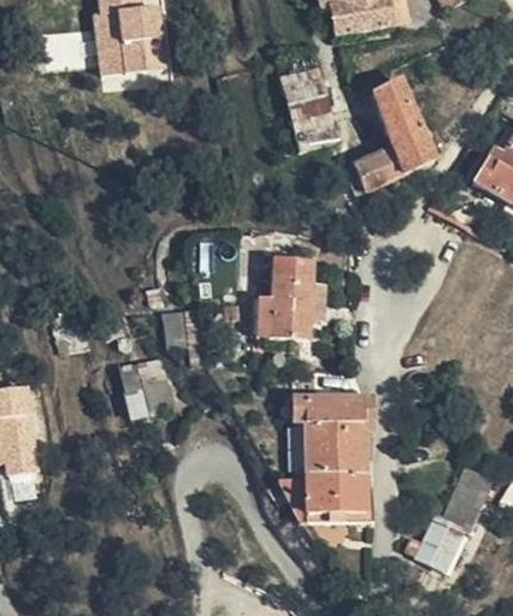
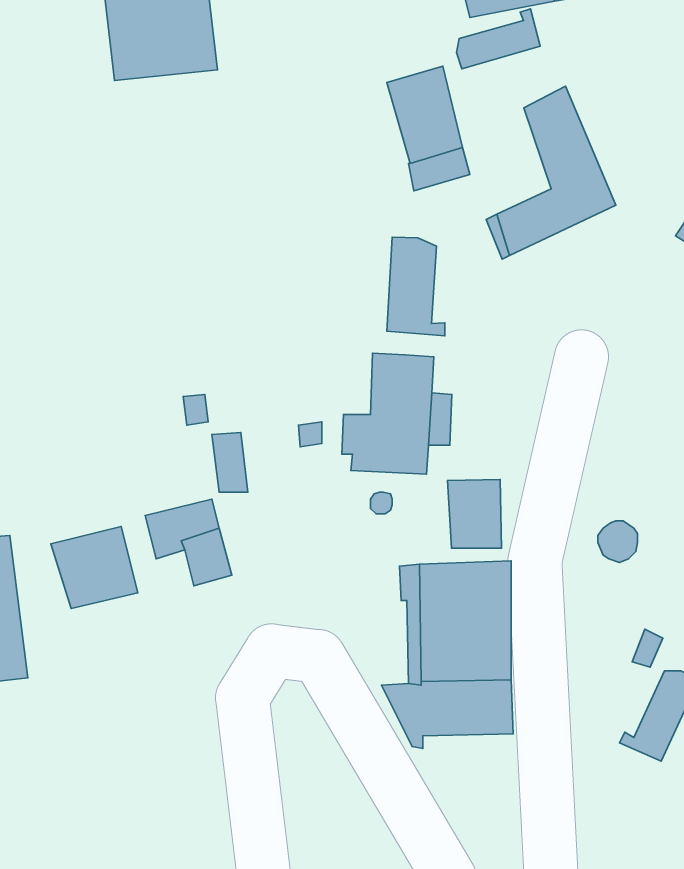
building: none -> [457,9,540,69]
building: none -> [387,237,445,336]
building: none -> [447,480,501,548]
building: none -> [51,526,138,609]
building: [419,516,465,569] -> none

